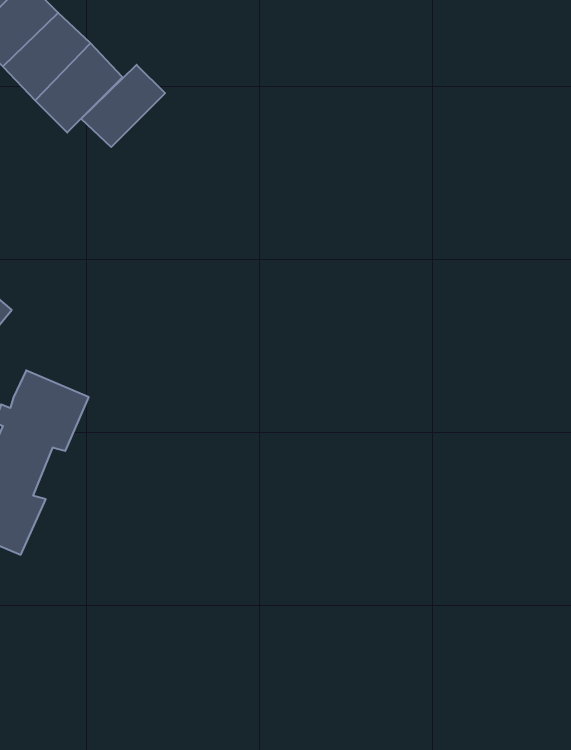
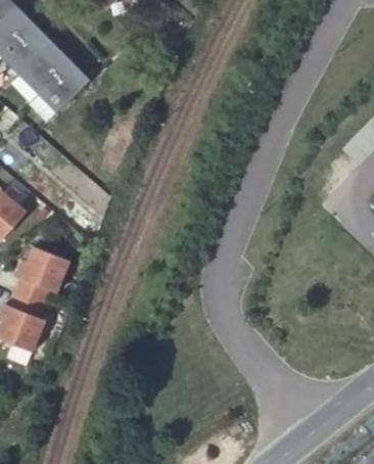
building: [81,65,165,147] -> none

